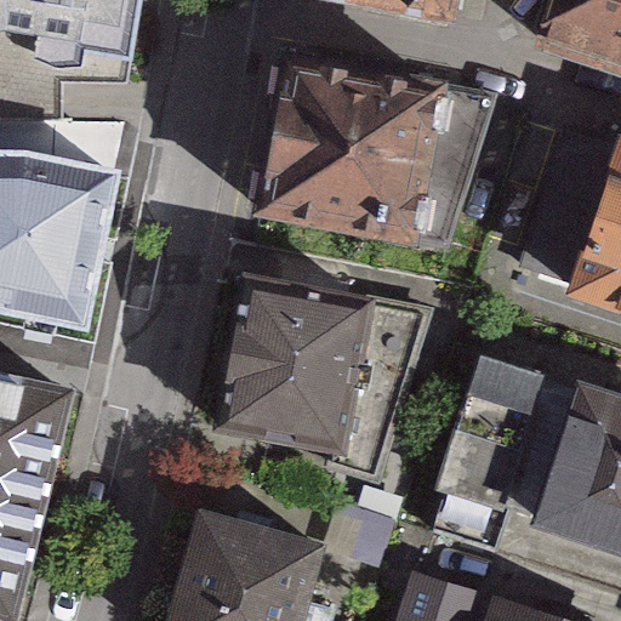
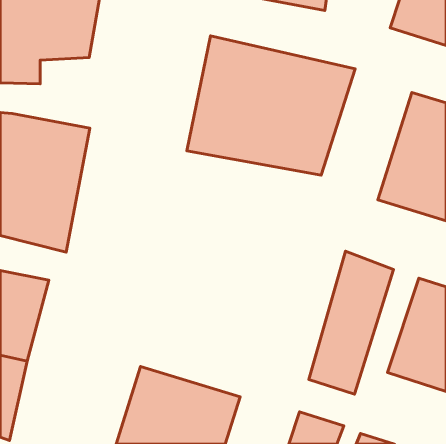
building: [218,277,426,473] -> none

